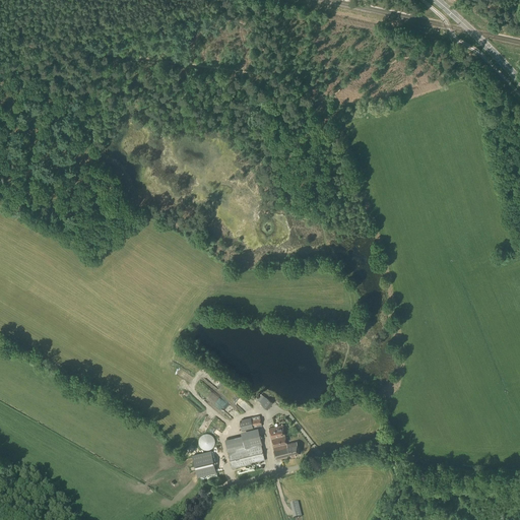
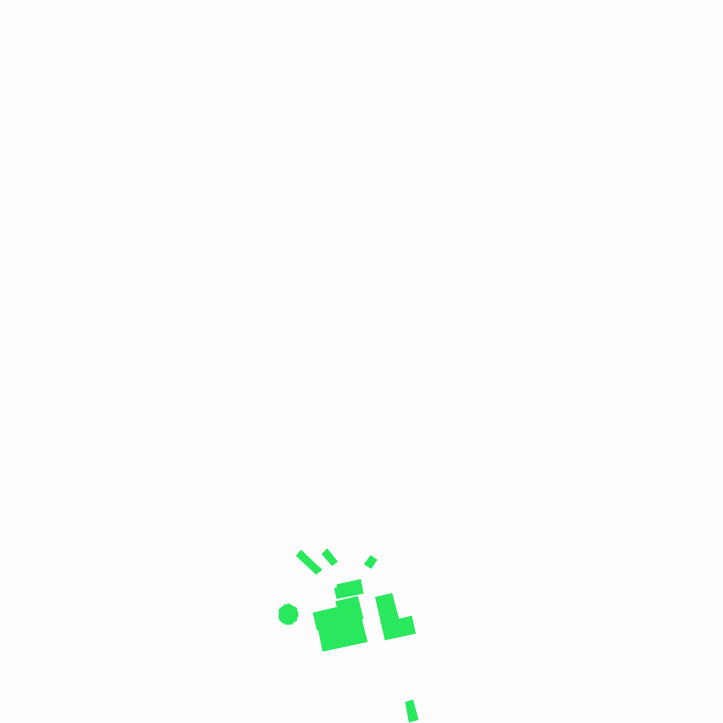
building: [191,450,215,476] -> none

